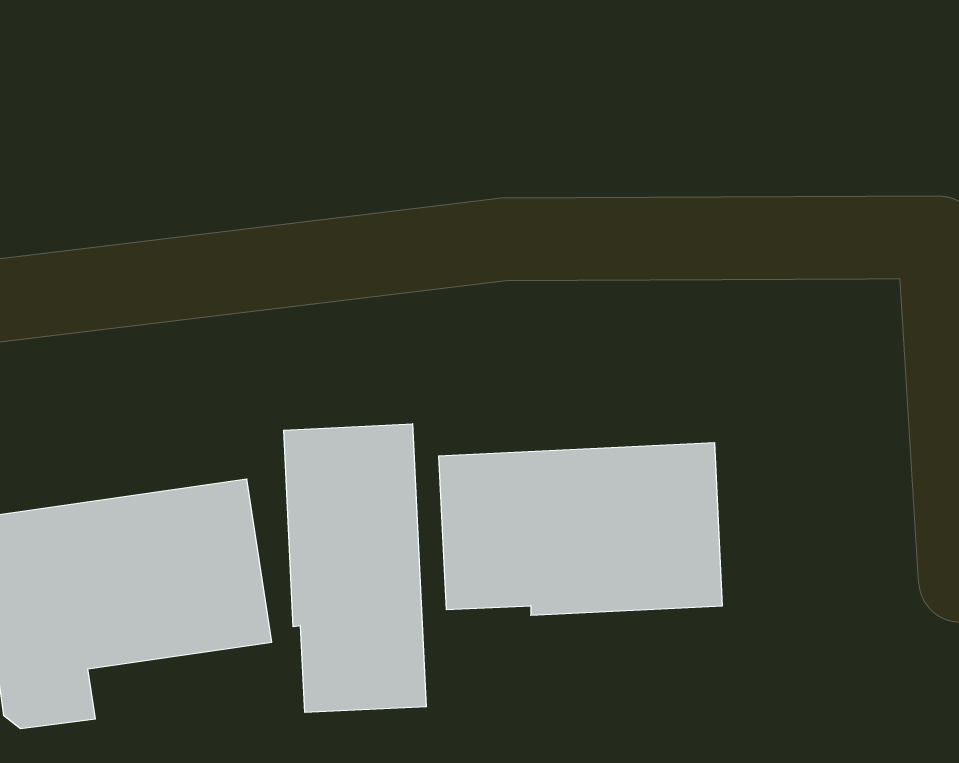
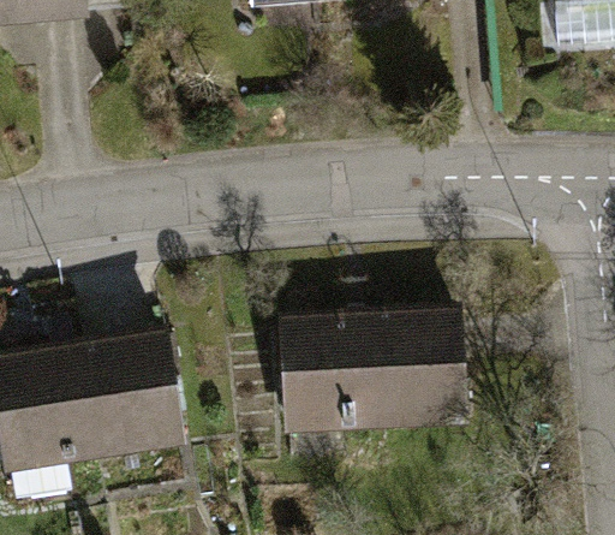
building: [284,424,426,712] -> none

